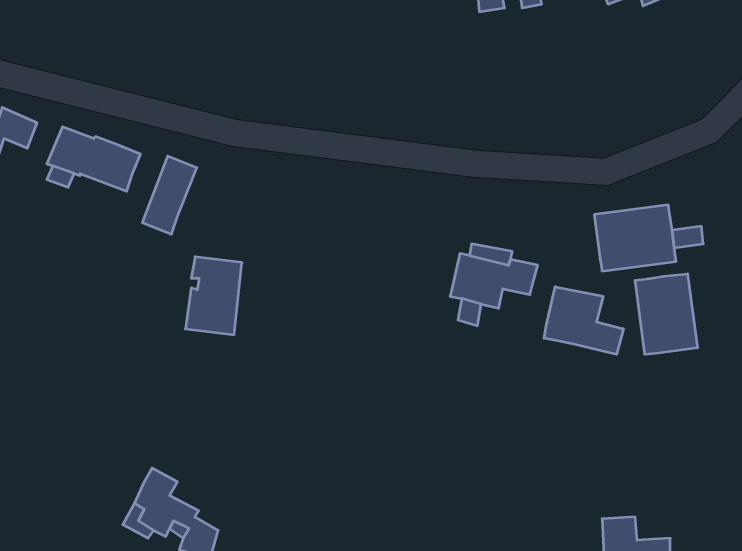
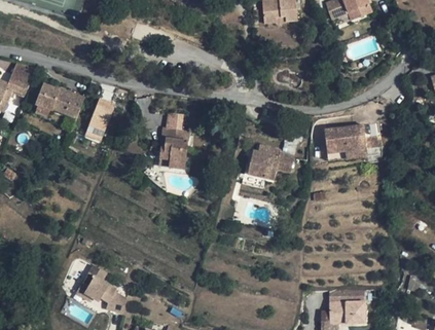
building: [185,257,242,335] -> [158,126,188,168]
building: [635,274,697,354] -> none
building: [544,287,623,354] -> none

